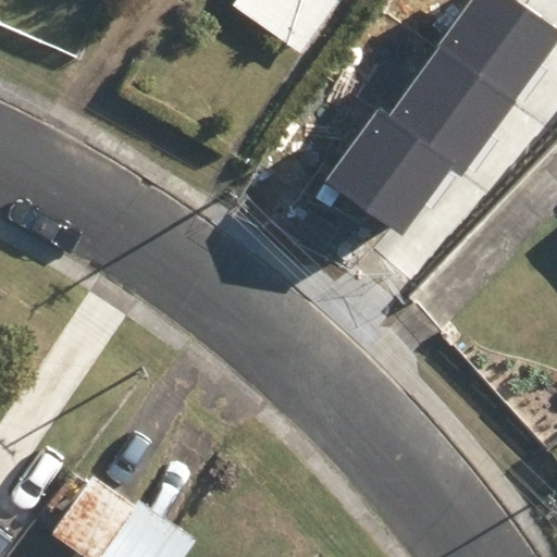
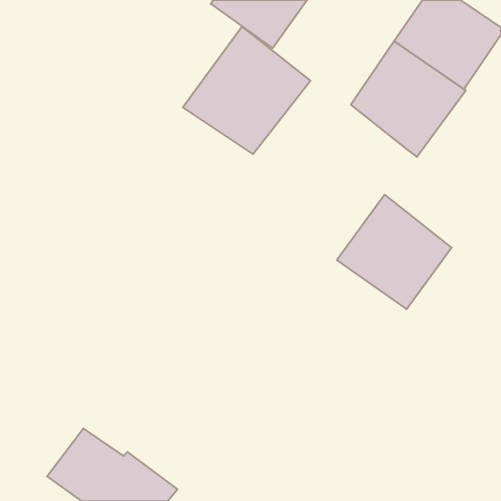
building: none -> [183,26,310,154]
building: [325,108,453,235] -> [337,195,452,309]

